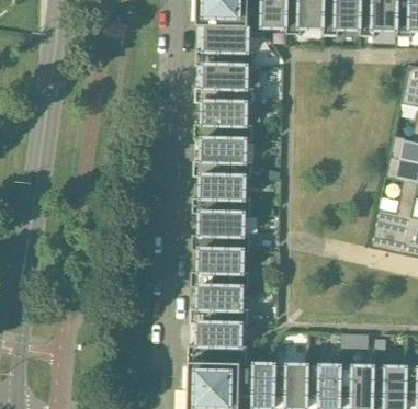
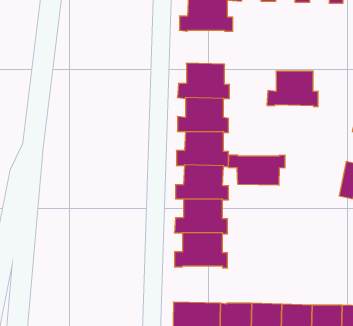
building: [196,65,252,103] -> [267,71,318,106]
building: none -> [229,155,285,185]
building: [189,322,249,364] -> none

